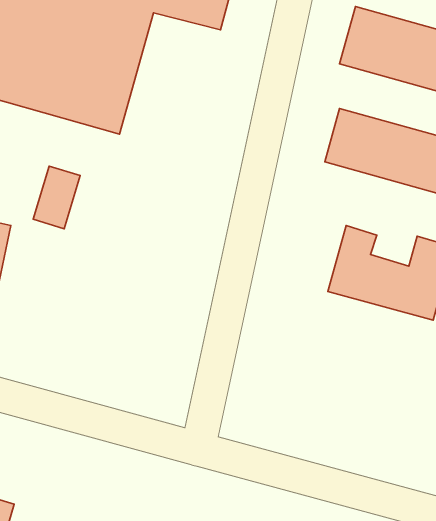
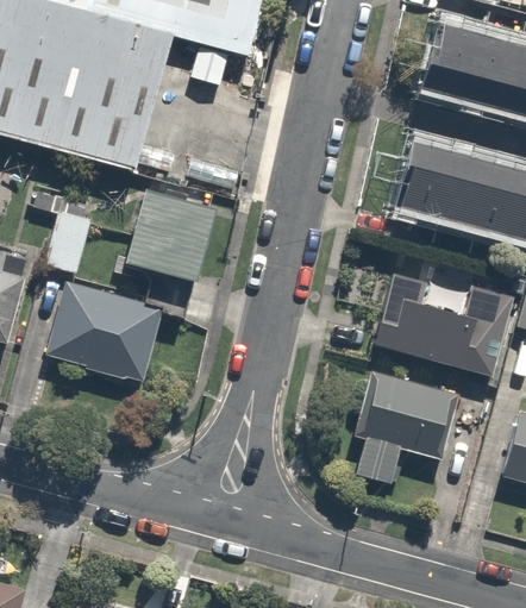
building: none -> [121,192,214,282]
building: none -> [45,280,163,383]
building: none -> [355,377,453,477]

